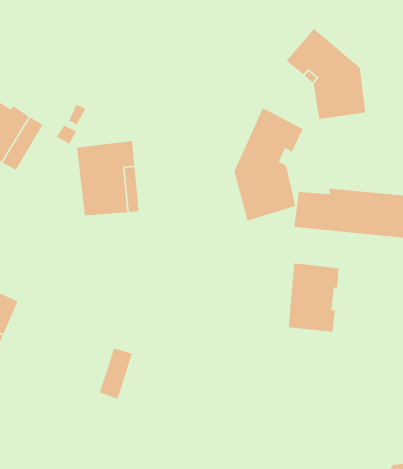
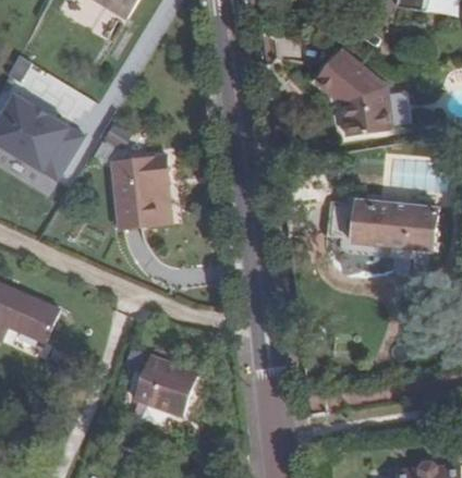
building: [234,107,304,222] -> none
building: [288,263,339,332] -> none
building: none -> [153,359,197,413]

